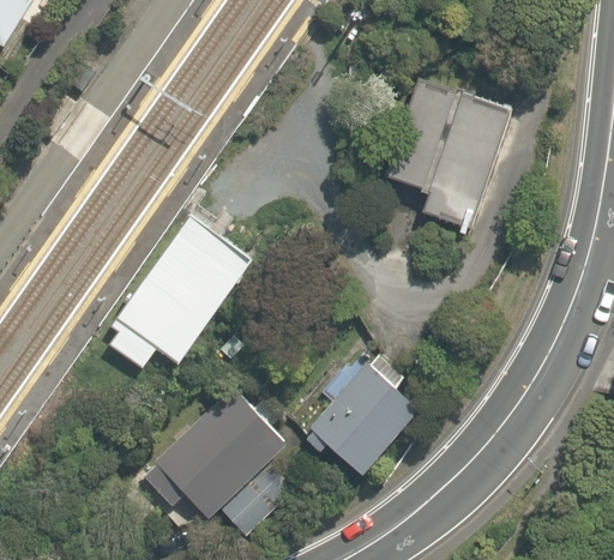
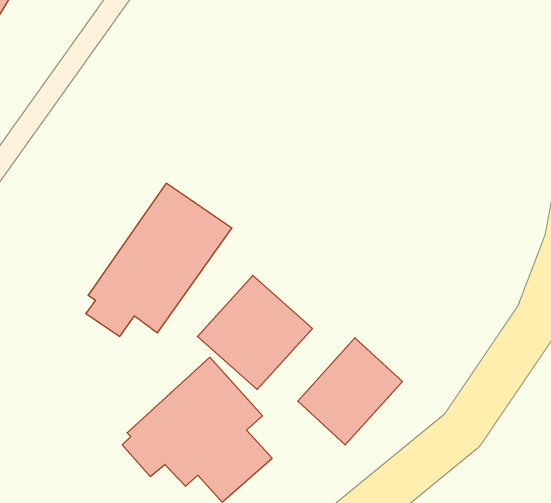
building: [385,78,510,230] -> none
building: none -> [197,275,312,389]

